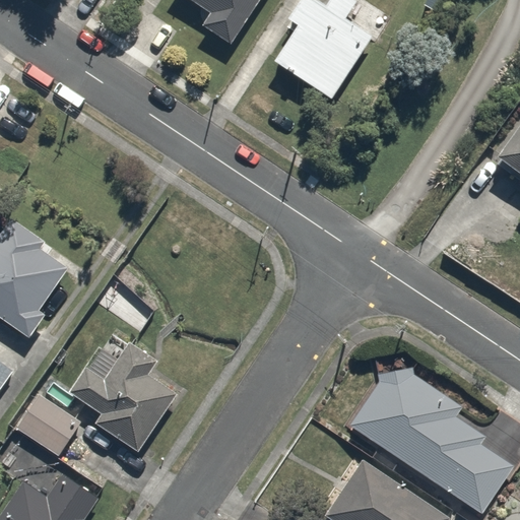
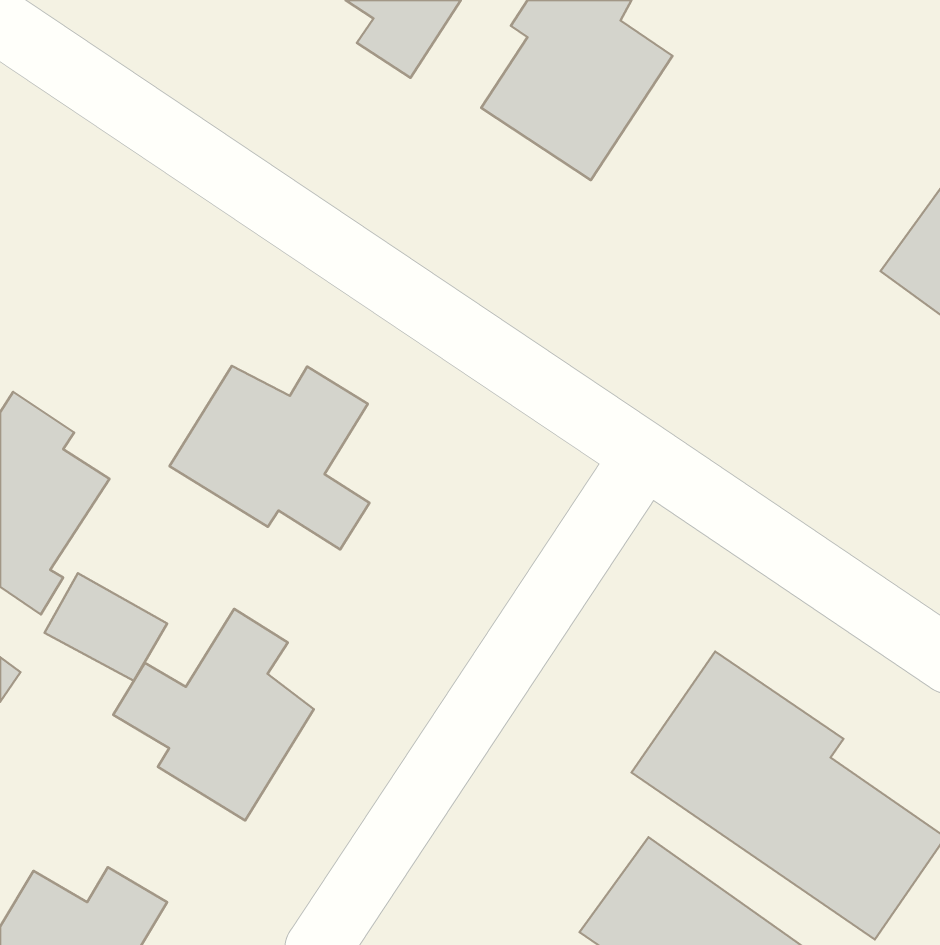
building: none -> [170,366,370,549]
building: [19,396,86,455] -> [45,573,167,681]

